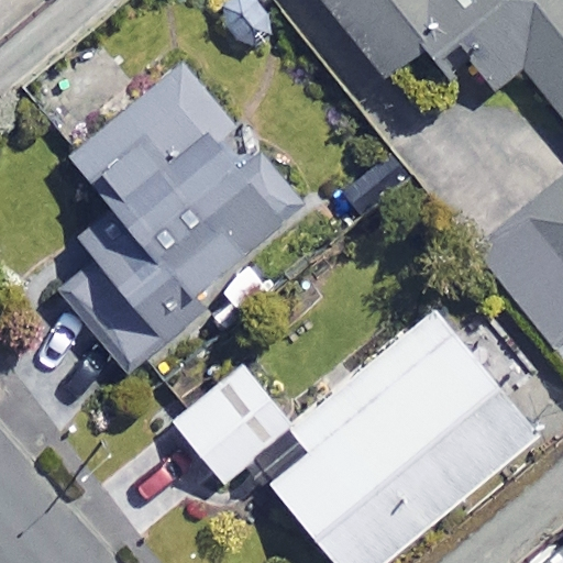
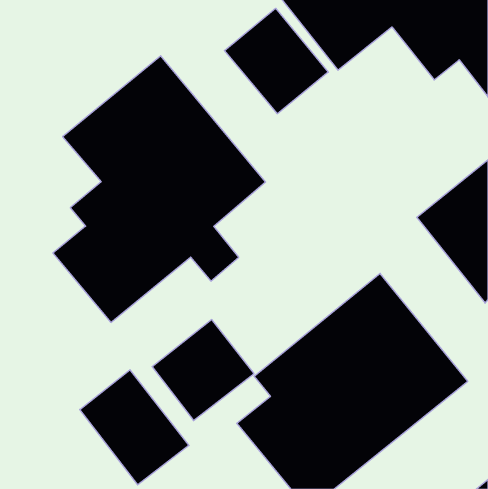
building: none -> [224,8,328,114]
building: none -> [80,370,189,485]

